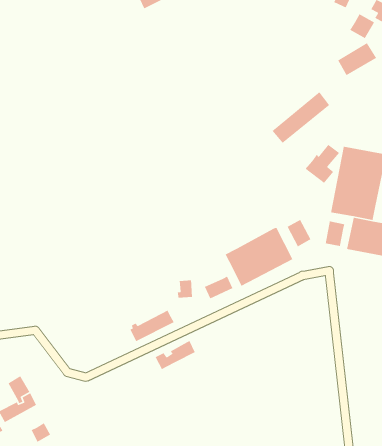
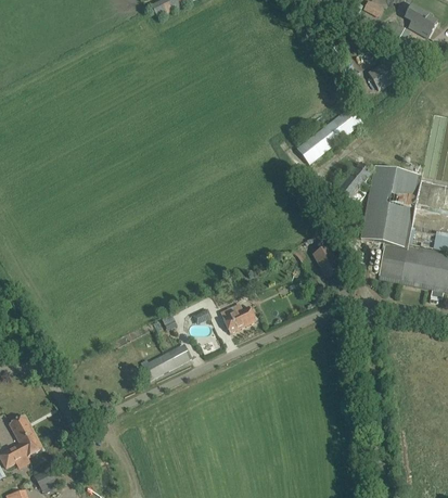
building: [325,221,345,247] -> none
building: [224,227,293,287] -> none
building: [154,340,196,370] -> none

